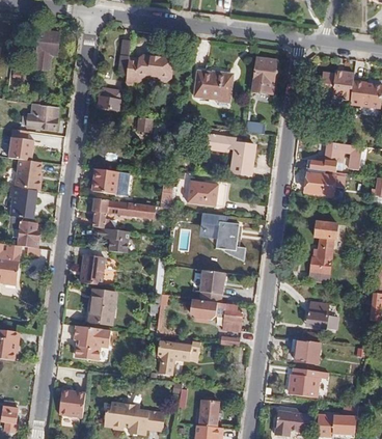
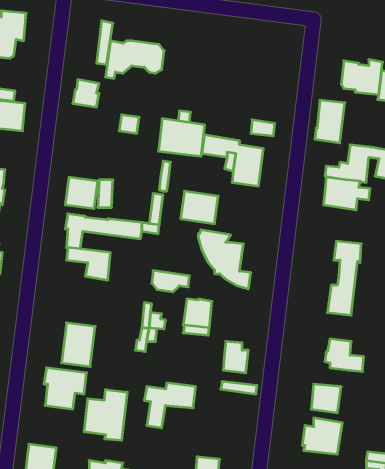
building: [251,57,276,92] -> [315,100,345,143]
building: [193,70,231,101] -> [158,119,205,156]
building: [80,254,104,285] -> none
building: [193,300,224,318] -> [152,271,189,292]
building: none -> [84,389,127,440]

